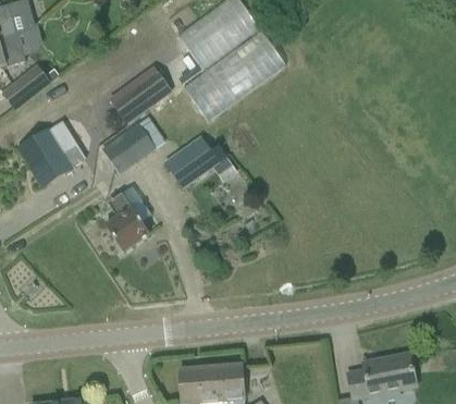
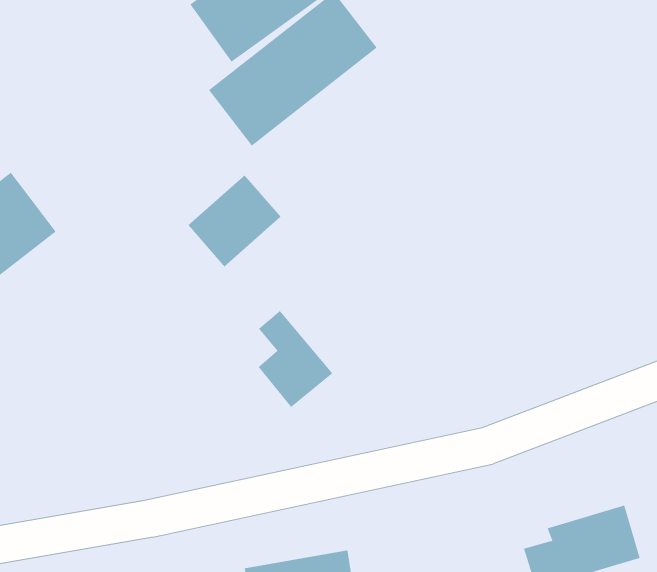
building: [108,64,172,123] -> none
building: [102,122,155,173] -> none
building: [104,192,149,250] -> [258,310,333,408]

